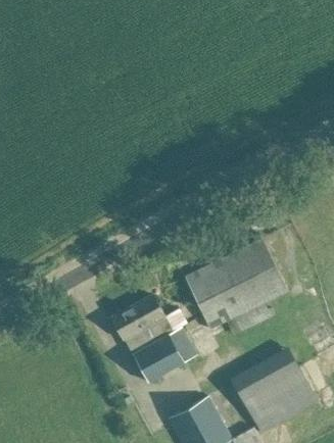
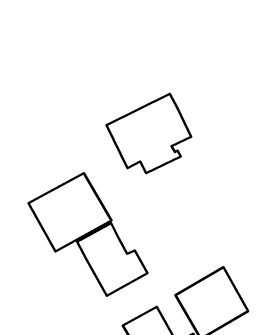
building: none -> [29,173,111,252]
building: [184,238,286,334] -> [106,94,191,173]

